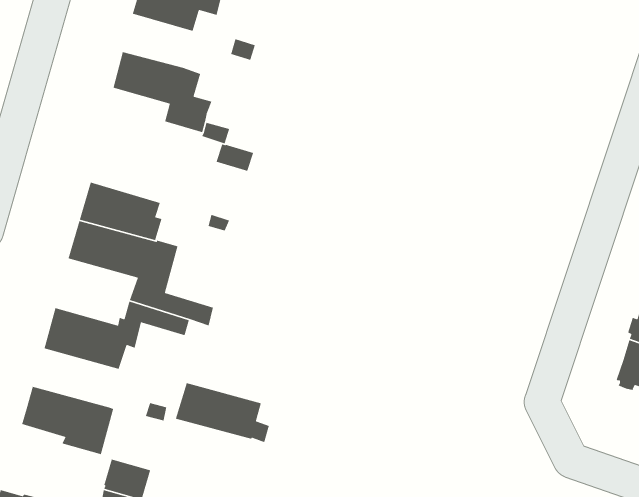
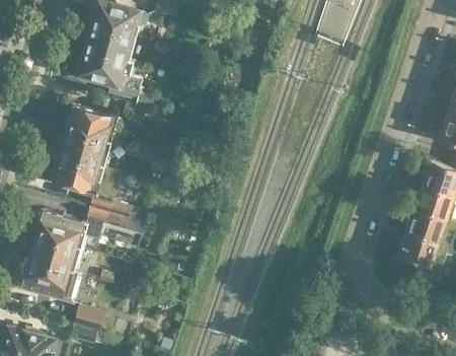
building: none -> [86,26,131,60]
building: none -> [66,106,122,146]
building: [175,382,270,443] -> [29,237,89,276]

